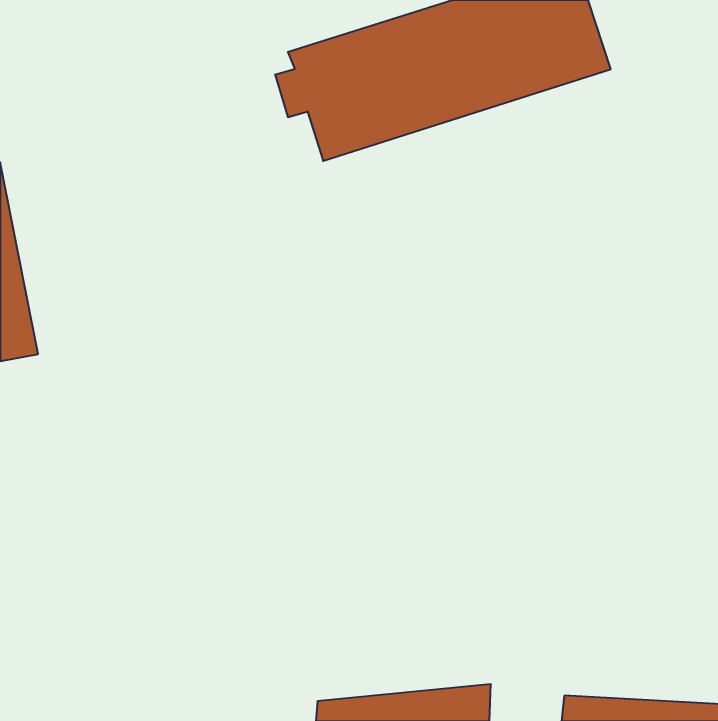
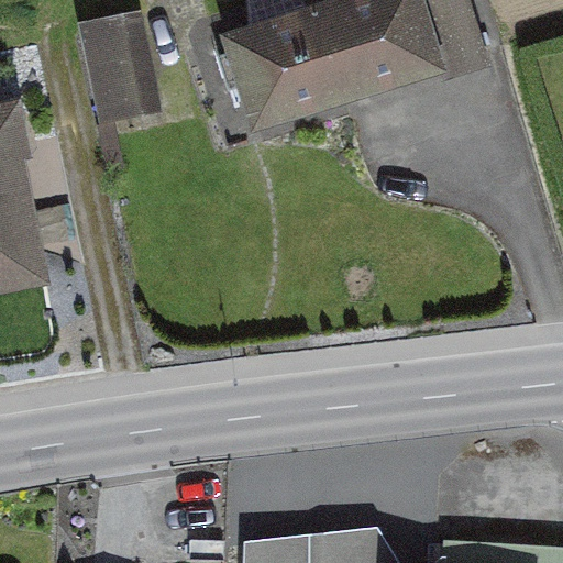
building: none -> [82,20,155,117]

